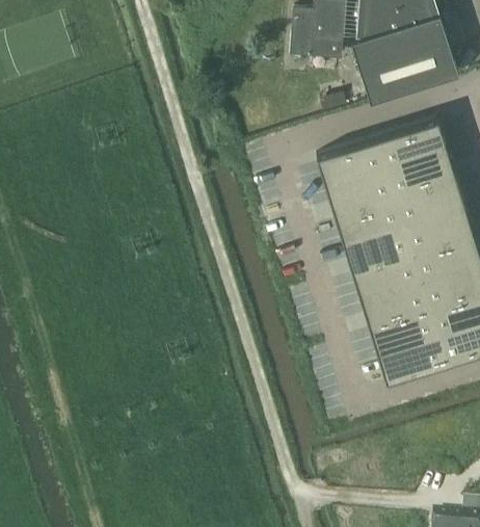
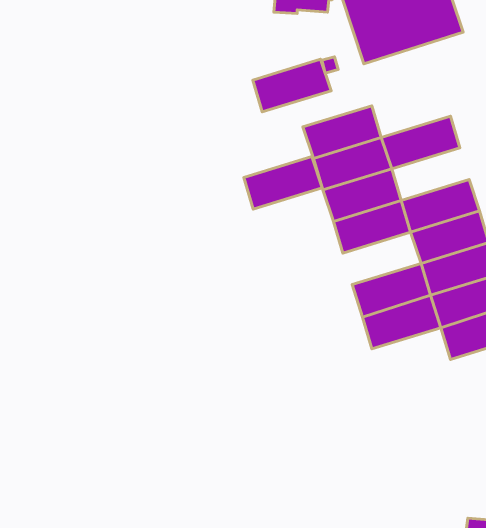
building: [377,120,447,166] -> [253,59,331,112]
building: [395,176,463,222] -> none
building: [351,251,421,297] -> [244,156,322,209]
building: [377,336,447,383] -> none

